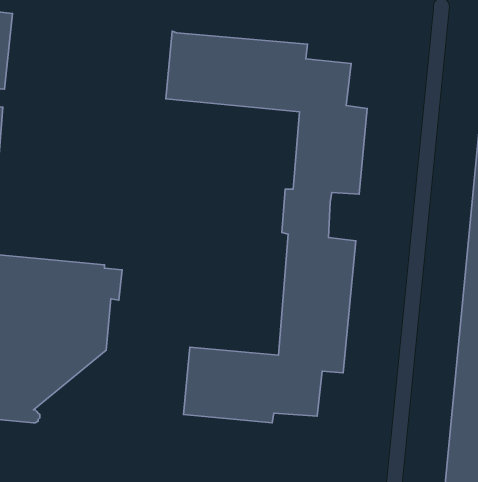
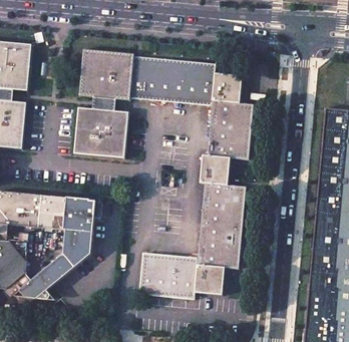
building: none -> [74,47,136,157]

